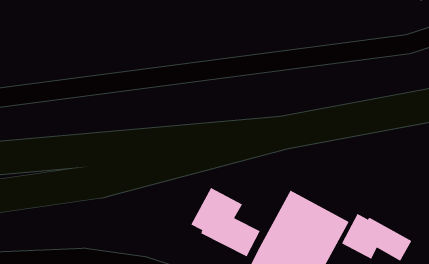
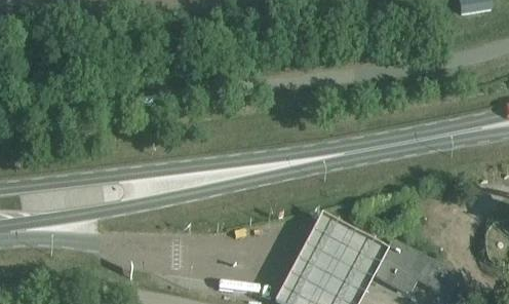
building: [191,187,261,257] -> none

